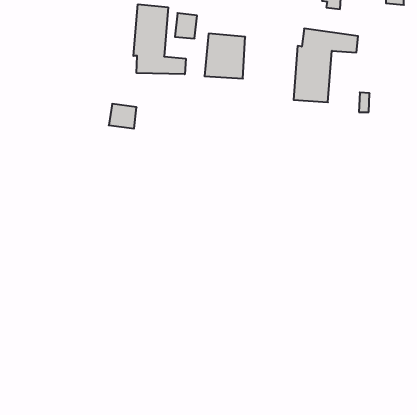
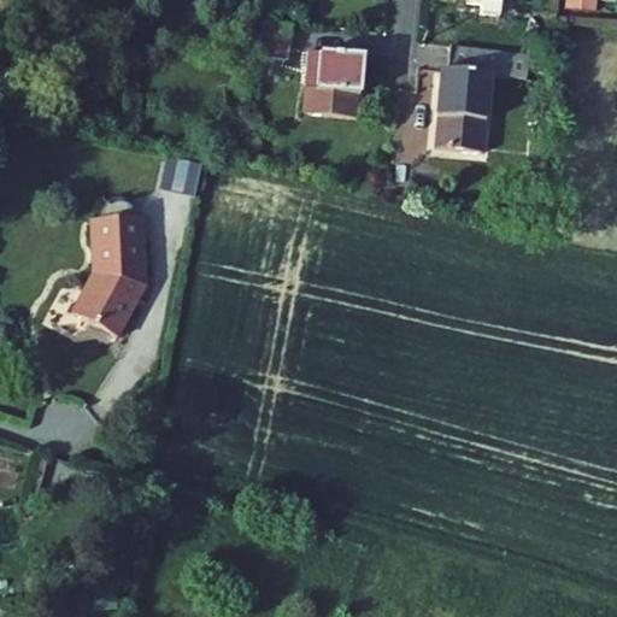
building: [133,4,186,74] -> none
building: none -> [72,215,146,336]

